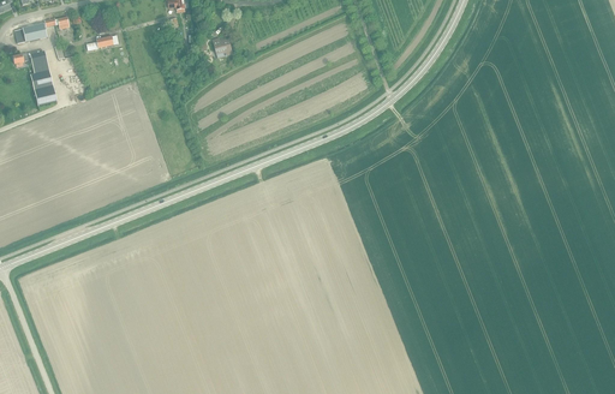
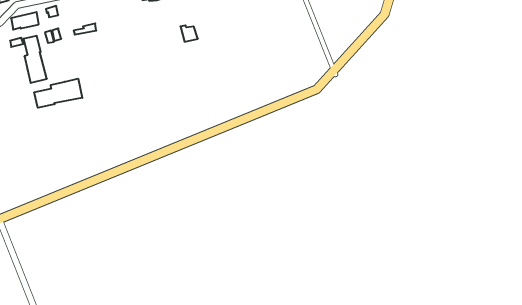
building: none -> [34,79,82,108]

